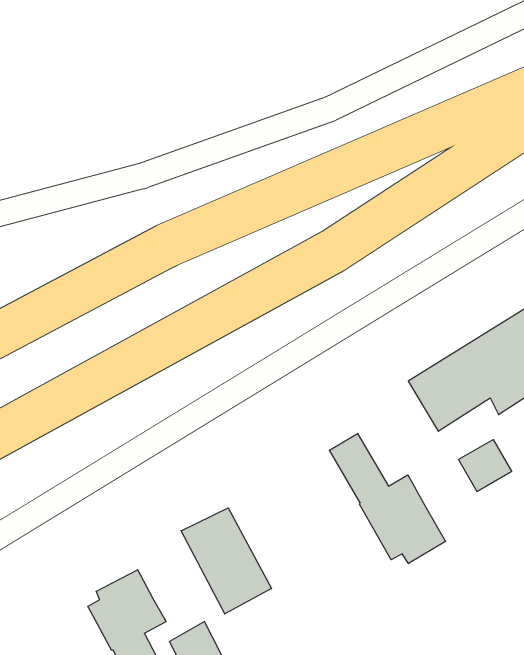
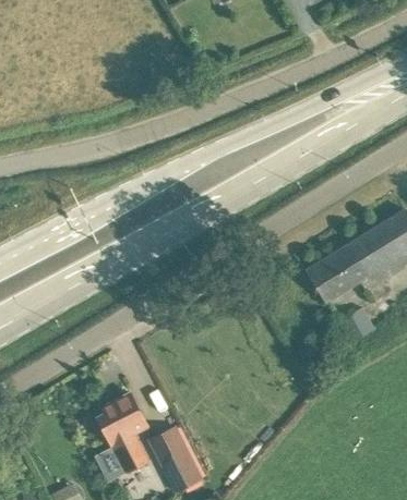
building: [329,434,446,564] -> none
building: [181,508,272,614] -> none

